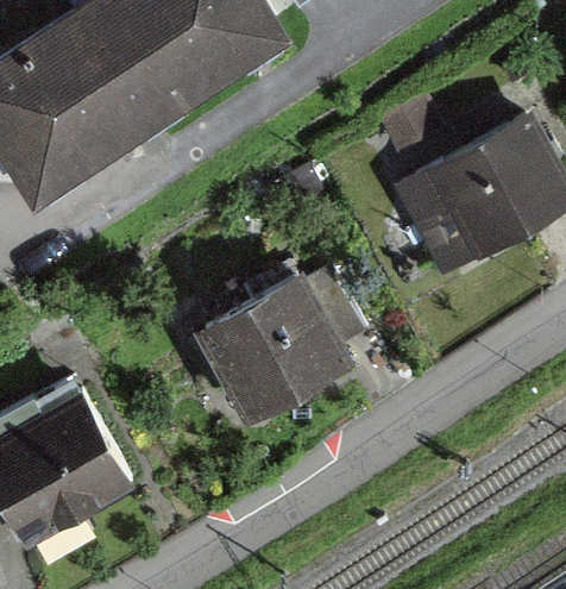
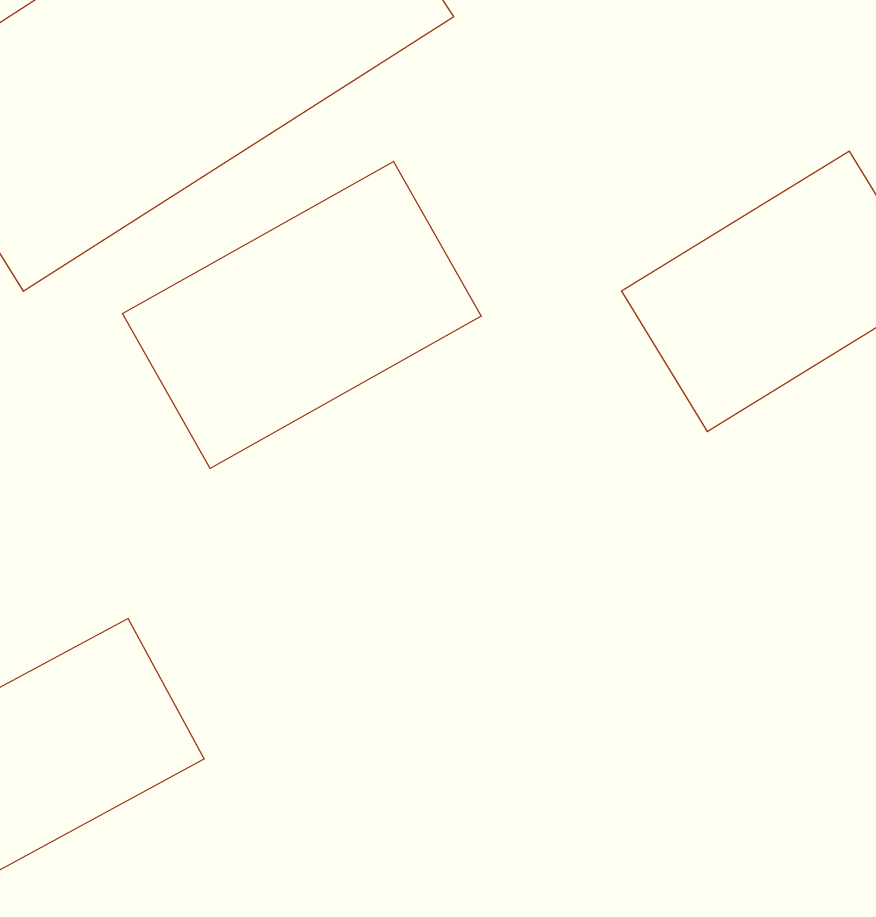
building: none -> [122,161,481,468]
building: [193,275,345,419] -> none

